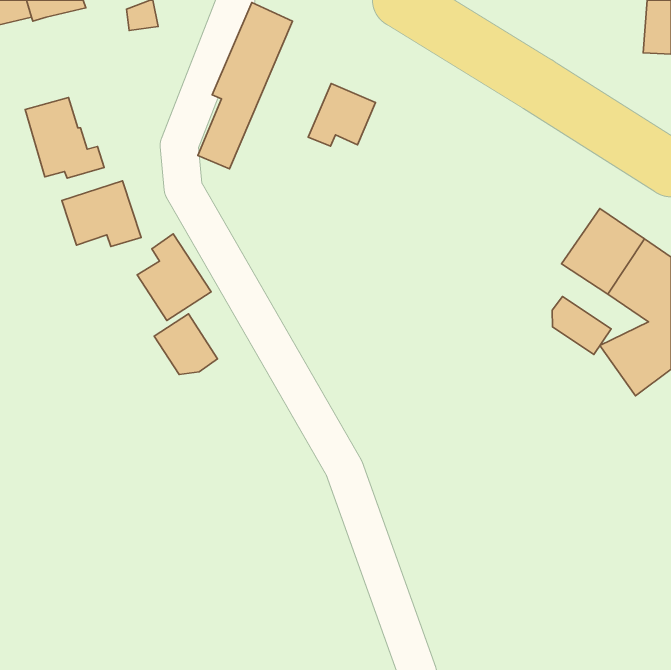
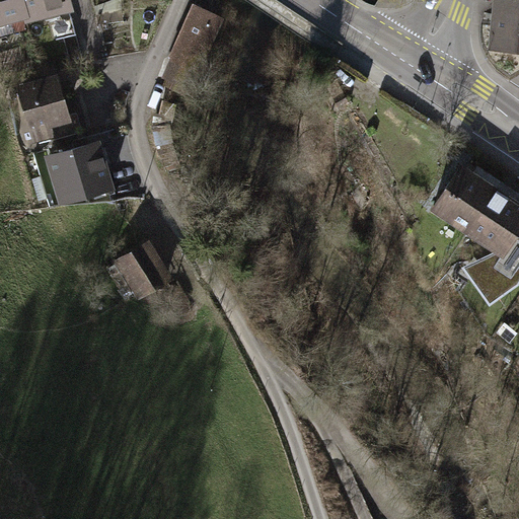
building: [308,83,376,146] -> none
building: [137,234,211,320] -> none
building: [552,297,611,354] -> none

